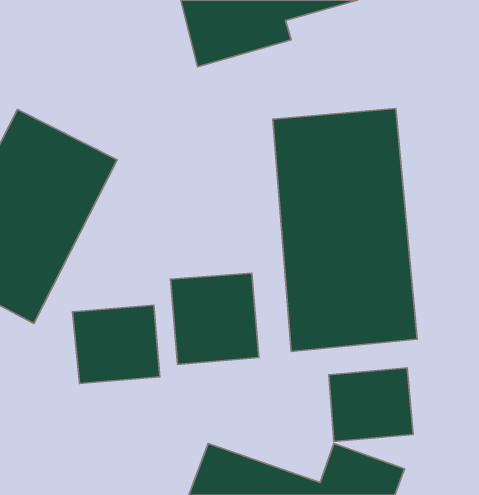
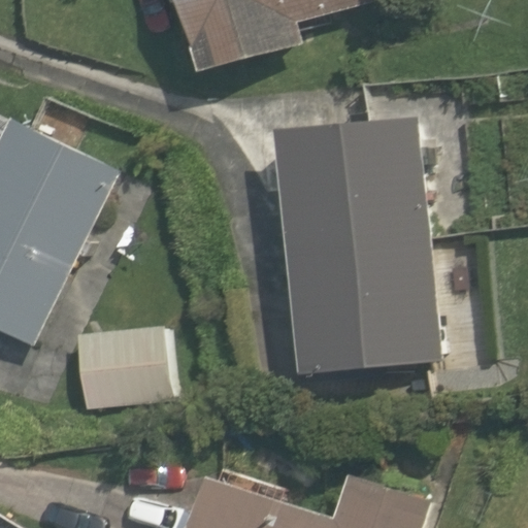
building: [170,273,259,364] -> none
building: [329,368,413,441] -> none

